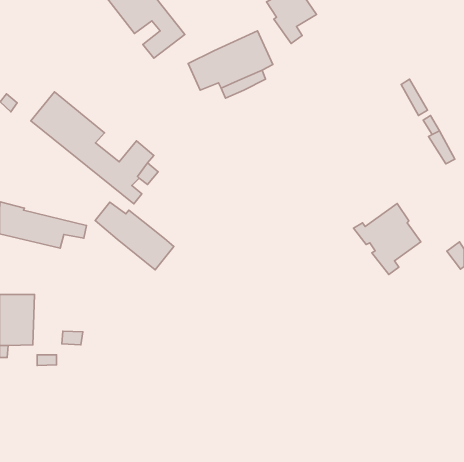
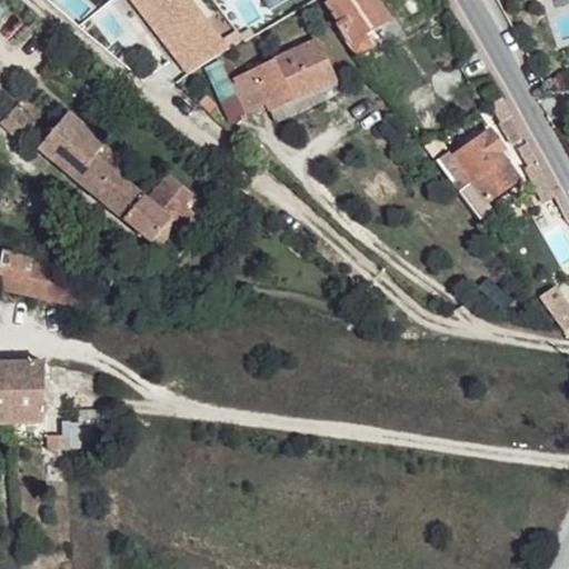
building: [95,202,174,270] -> none
building: [353,204,421,275] -> [436,129,518,216]

